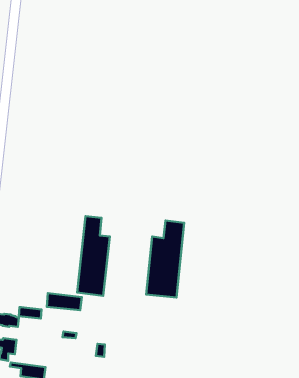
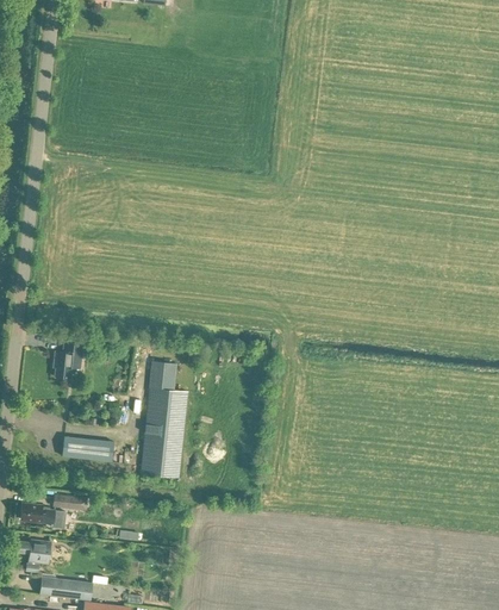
building: none -> [54,338,82,378]
building: [146,221,184,297] -> none
building: [47,293,82,310] -> [62,436,113,461]

